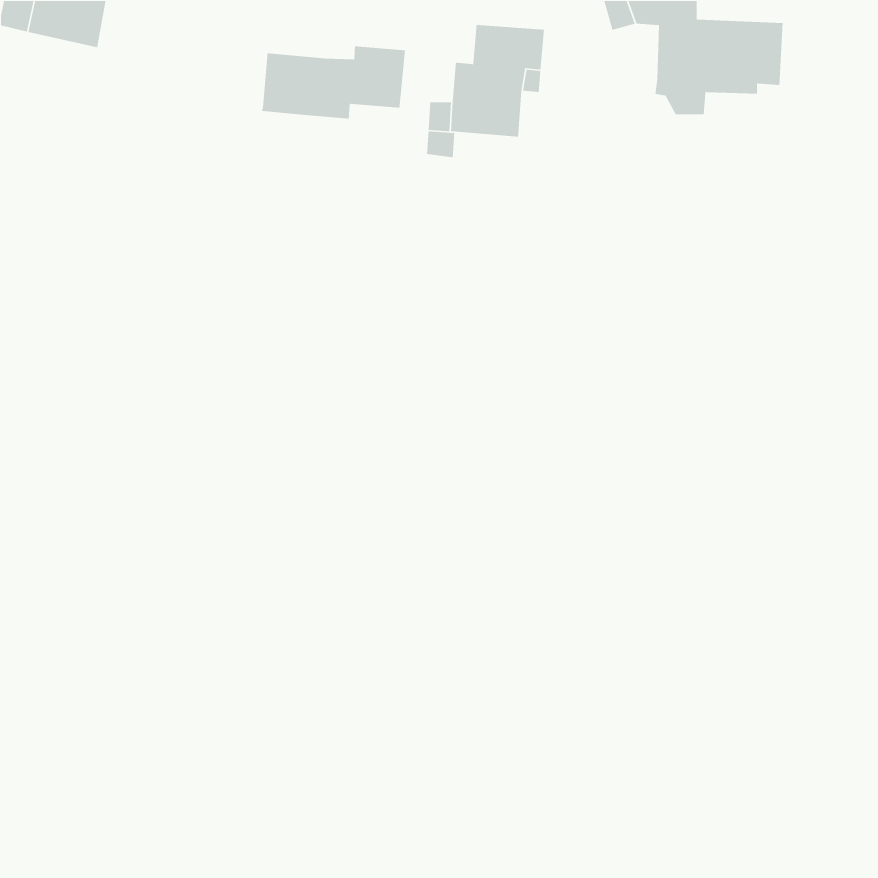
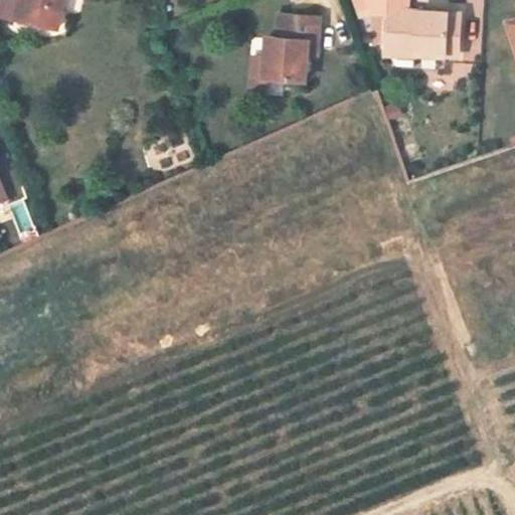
building: [261,45,406,119] -> none

